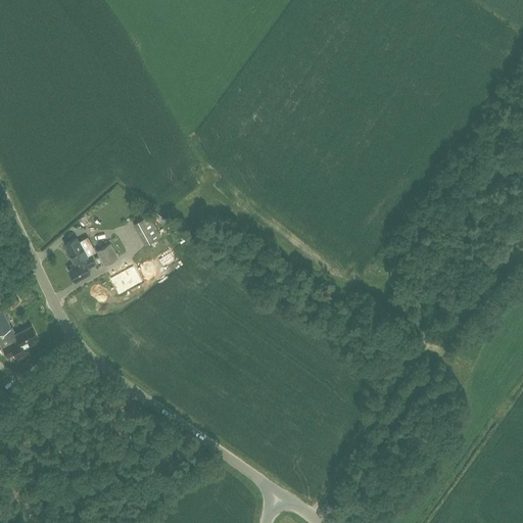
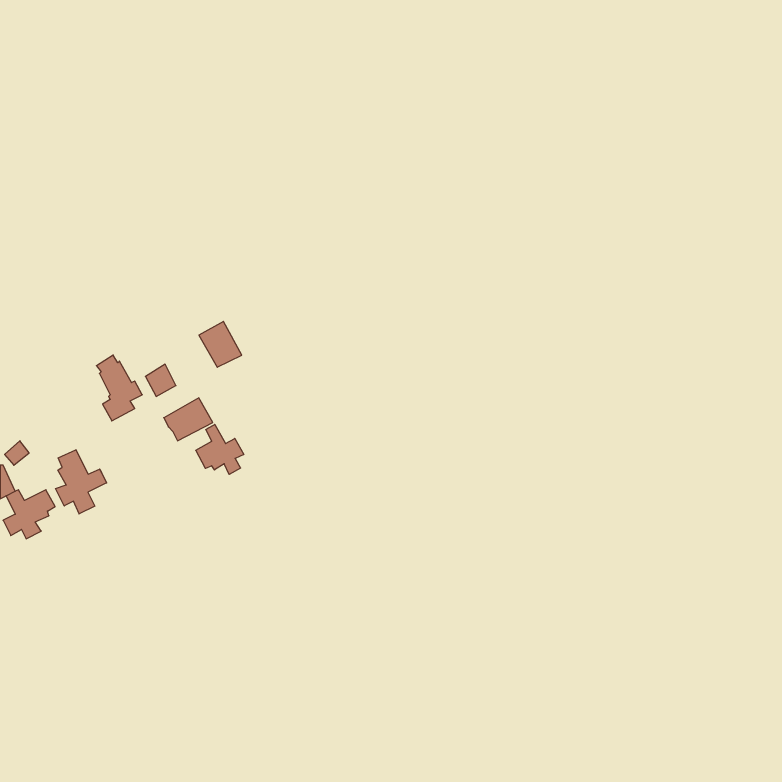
building: none -> [196,424,244,474]
building: none -> [56,450,107,514]

